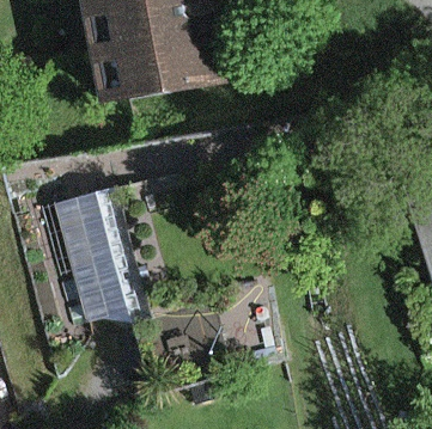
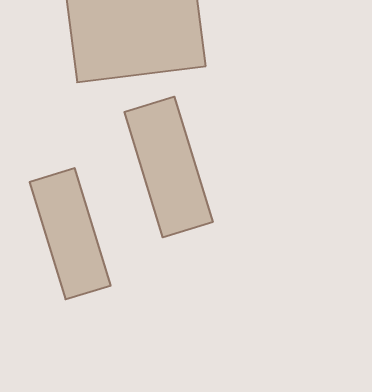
building: none -> [124,97,213,237]

